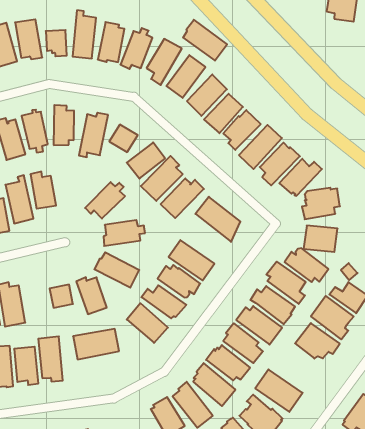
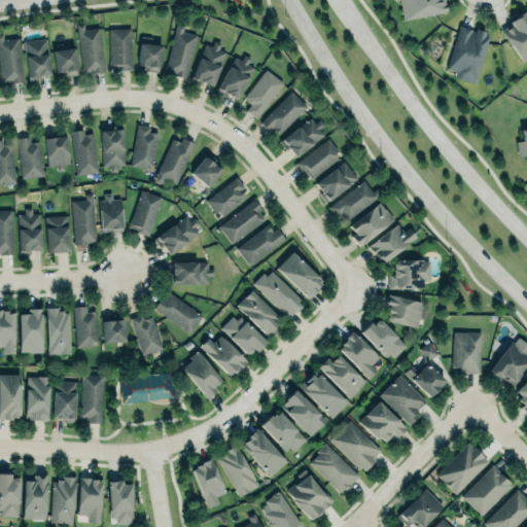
building: [183,20,227,61] -> none
building: none -> [129,190,163,238]
building: none -> [255,272,305,320]
building: none -> [74,307,99,348]
building: none -> [330,421,382,471]

